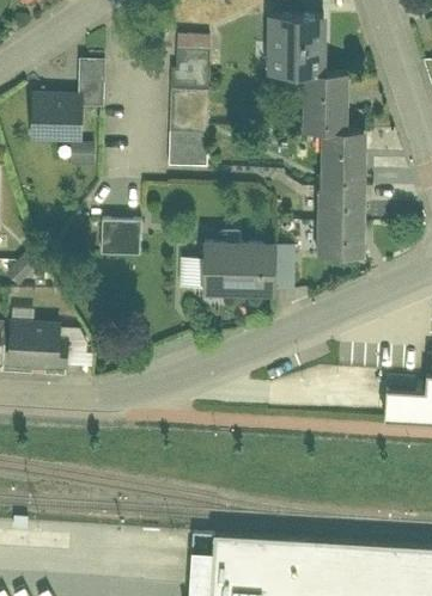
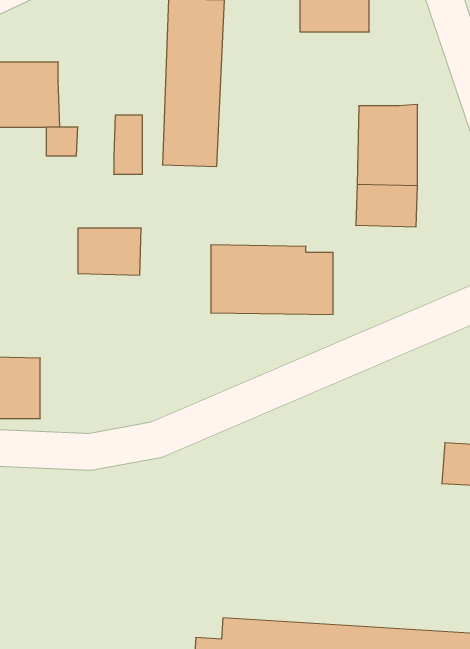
building: [80,60,103,106] -> [114,115,142,174]
building: [305,68,349,127] -> none
building: [315,221,364,263] -> none

